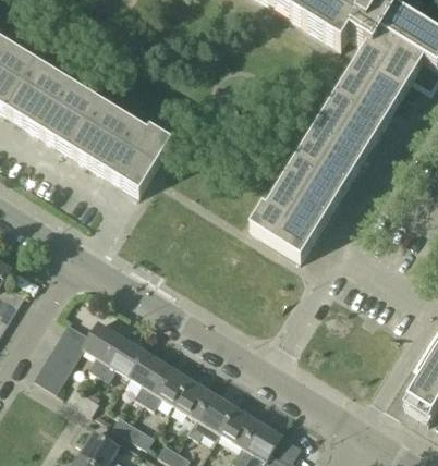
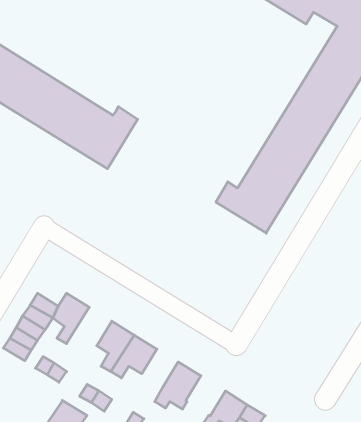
building: [97,332,143,376] -> none
building: [173,375,210,413] -> none
building: [218,402,258,442] -> none

